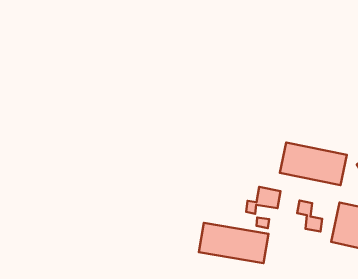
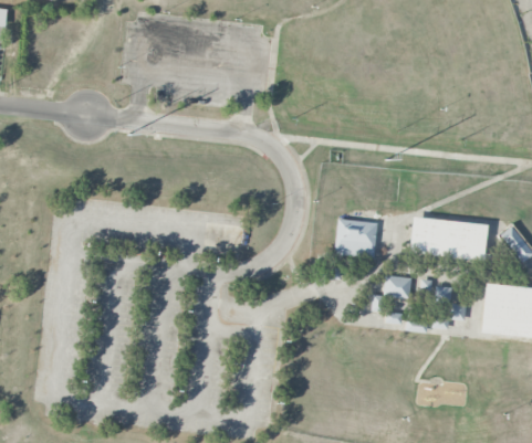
building: none -> [334,218,378,257]
building: [199,223,269,263] -> none

